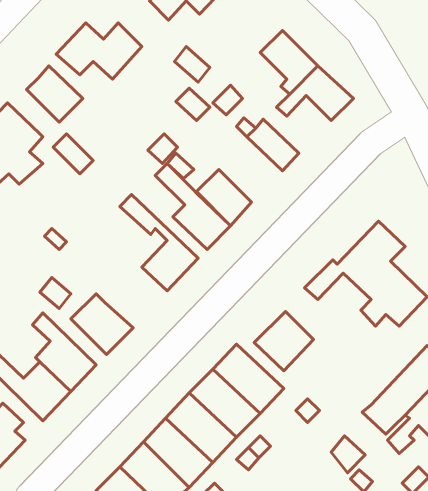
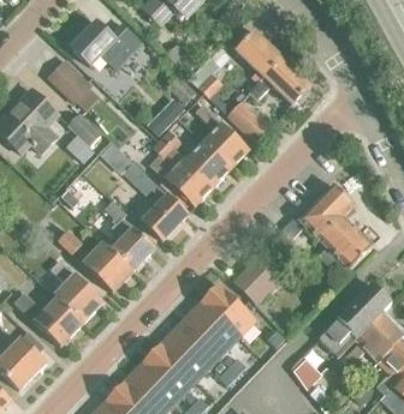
building: none -> [194,104,248,168]
building: none -> [103,199,153,270]

